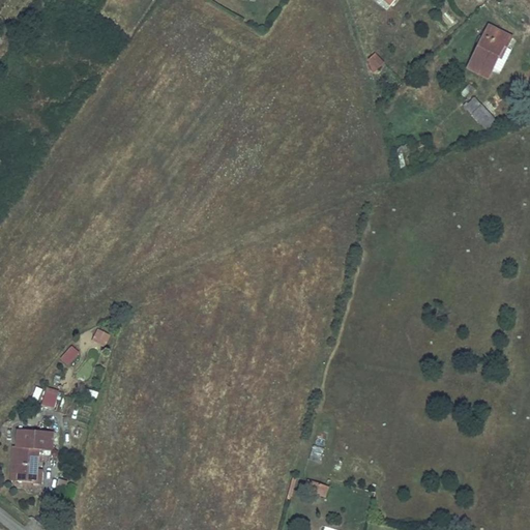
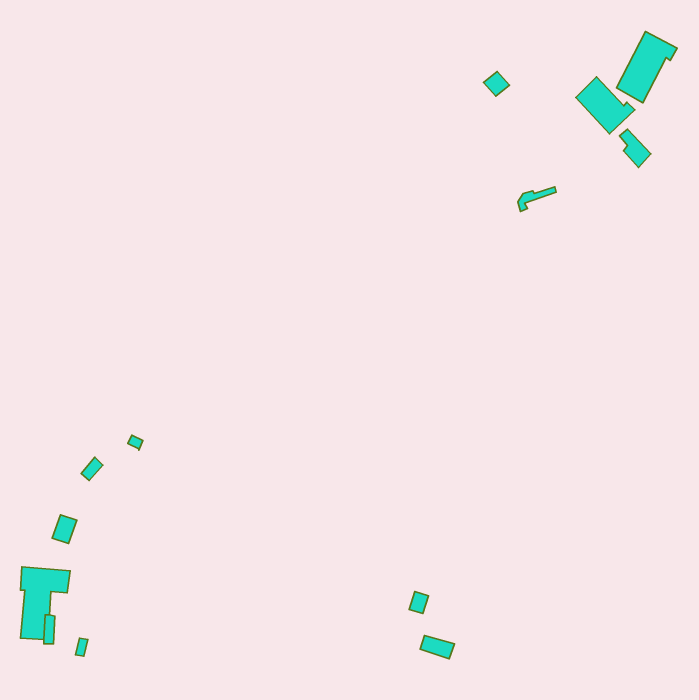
building: none -> [576,77,635,134]

